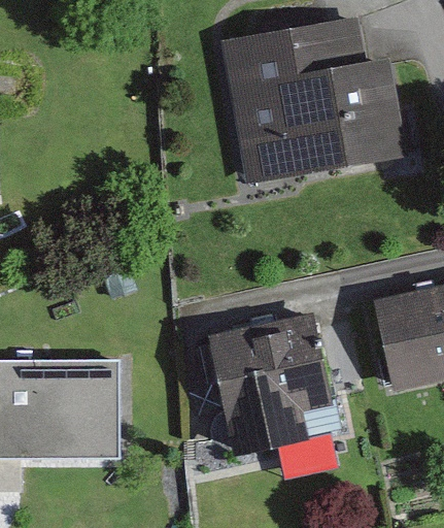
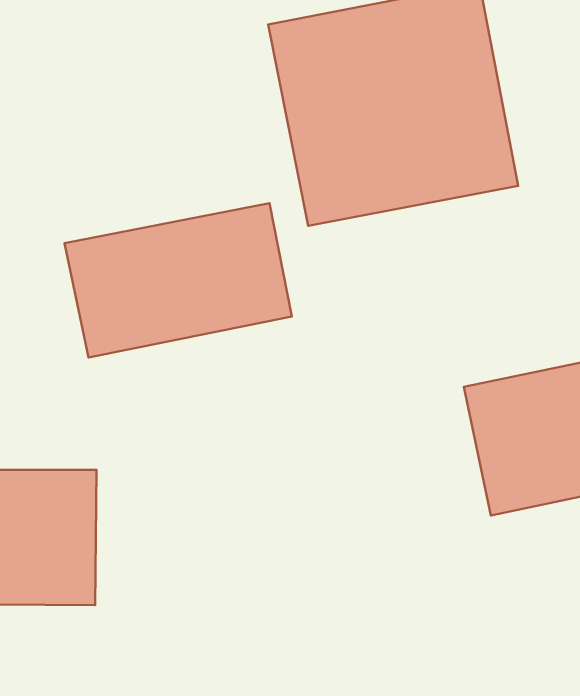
building: none -> [65,203,292,358]
building: [199,318,341,460] -> none

